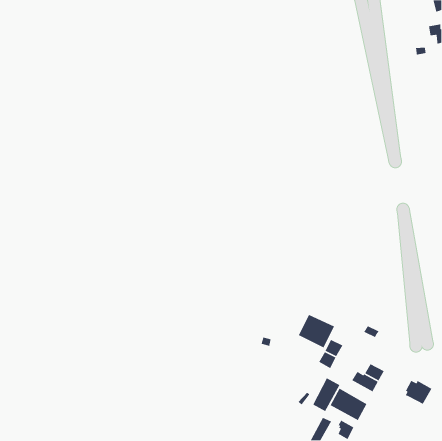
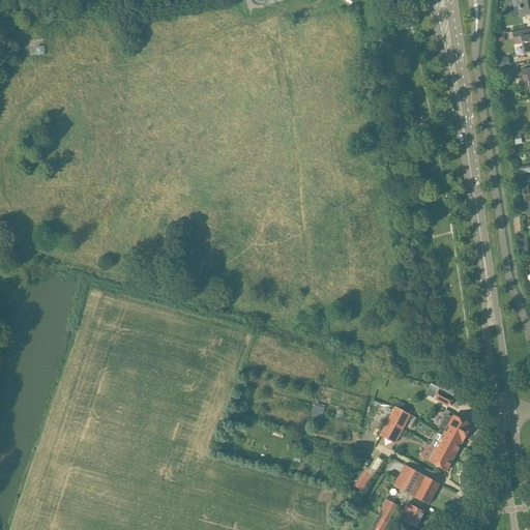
building: [298,314,335,348] -> none
building: [312,377,340,412] -> none
building: [405,380,433,405] -> [439,414,472,444]

